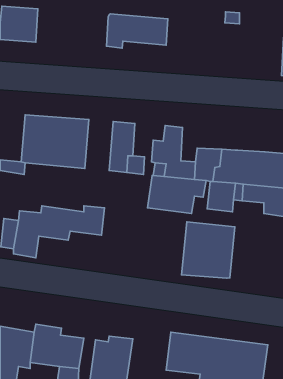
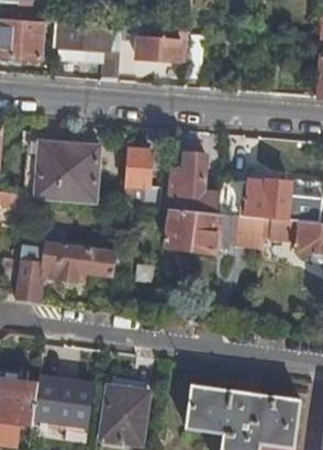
building: none -> [55,23,122,81]
building: [181,222,235,278] -> none

